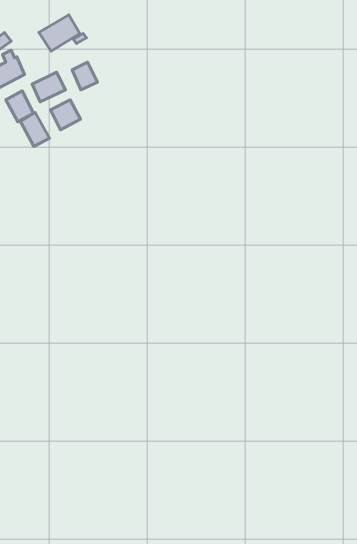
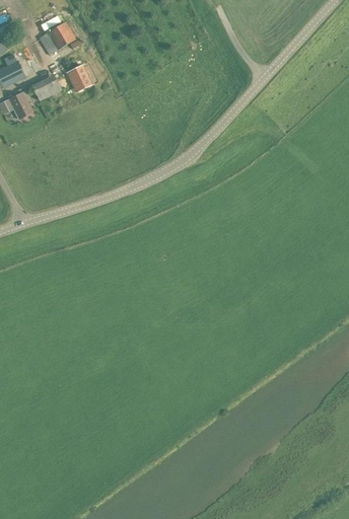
building: [50,100,81,130] -> none
building: [21,113,49,147] -> none

